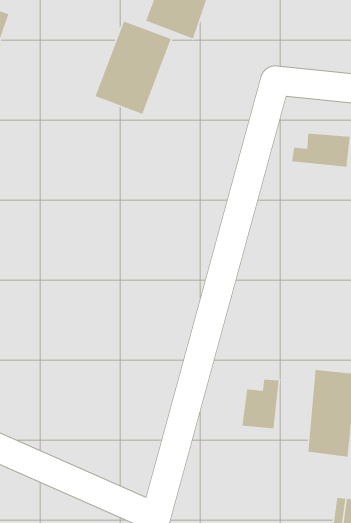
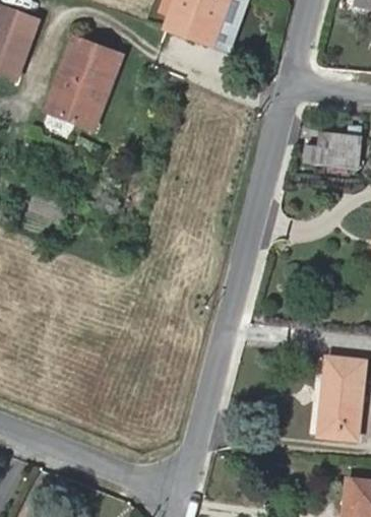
building: [94,20,172,115] -> [47,39,120,128]
building: [242,379,279,429] -> none

